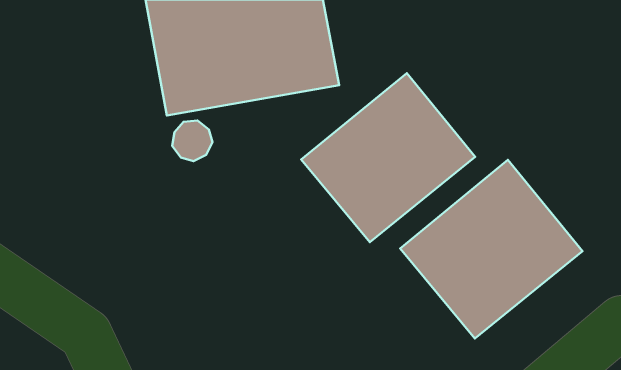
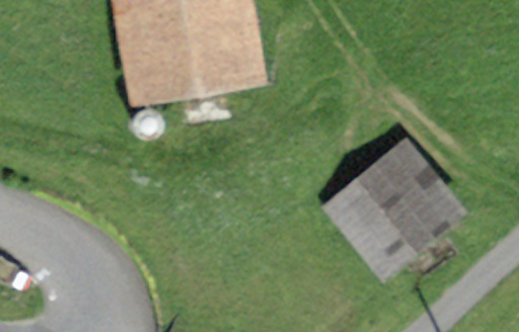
building: [301,73,475,242] -> none

